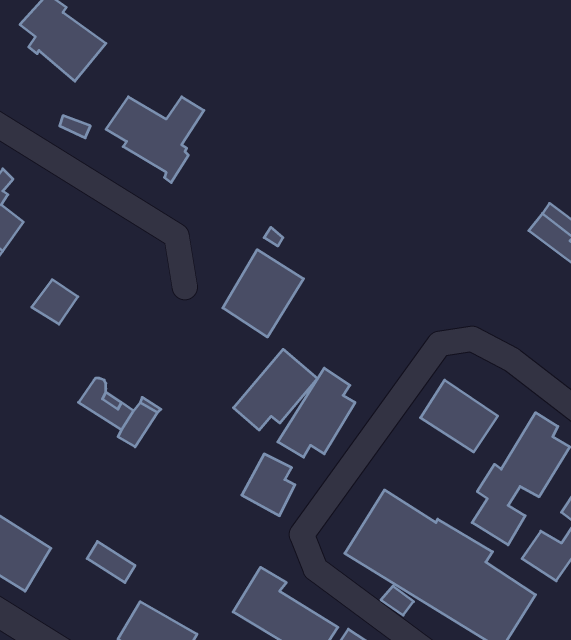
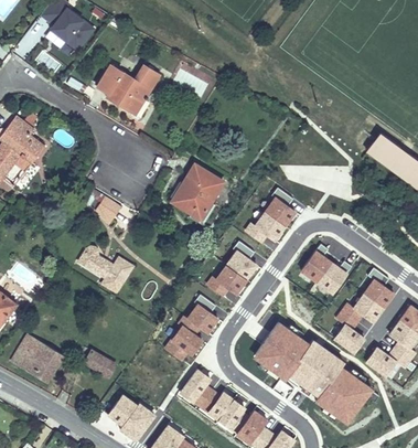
building: [32,280,78,324] -> [93,196,122,225]
building: [233,349,318,430] -> [244,193,298,245]
building: none -> [163,324,203,364]

